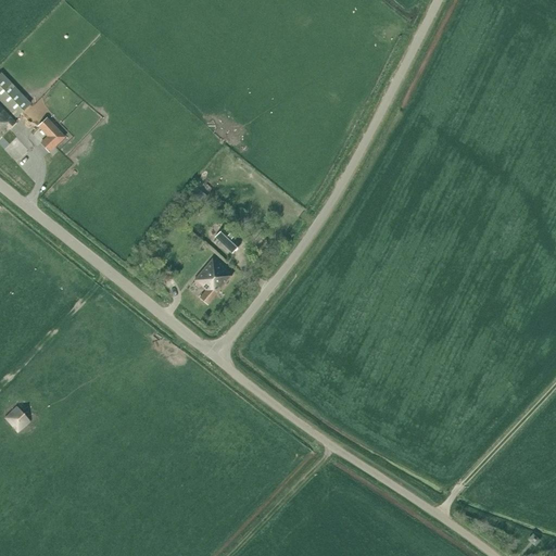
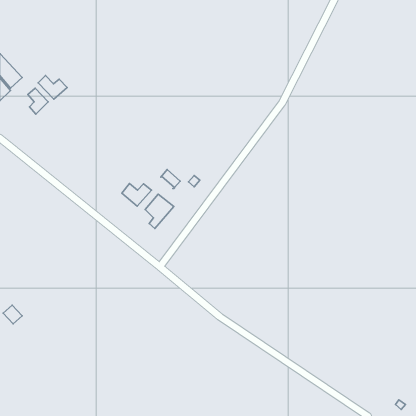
building: none -> [38,76,67,99]
building: none -> [122,184,151,206]

